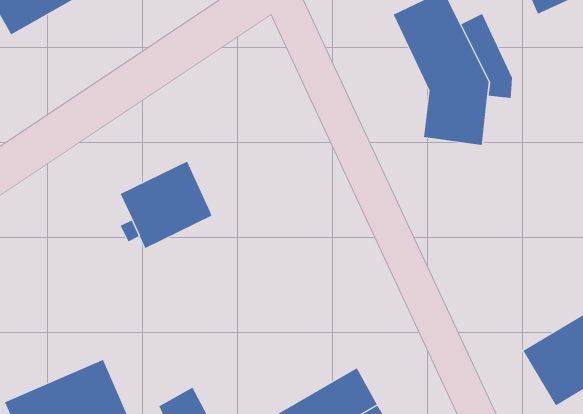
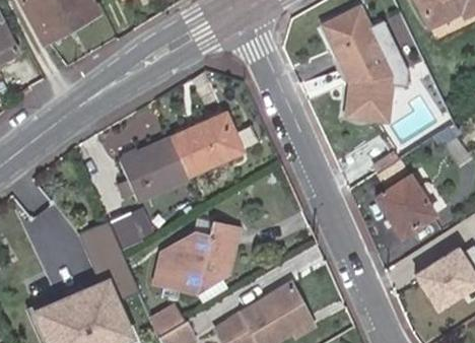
building: none -> [171,110,243,173]
building: none -> [377,178,435,236]
building: none -> [113,208,150,247]
building: none -> [156,219,240,292]

